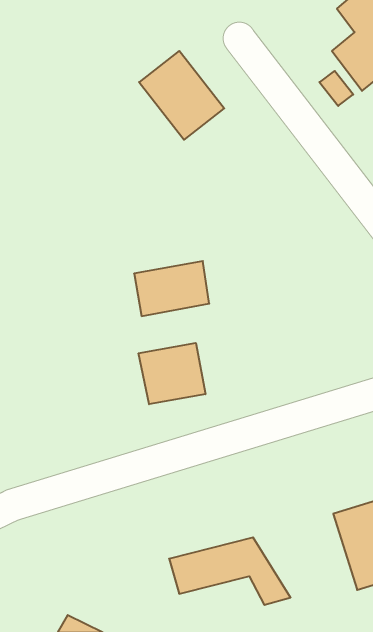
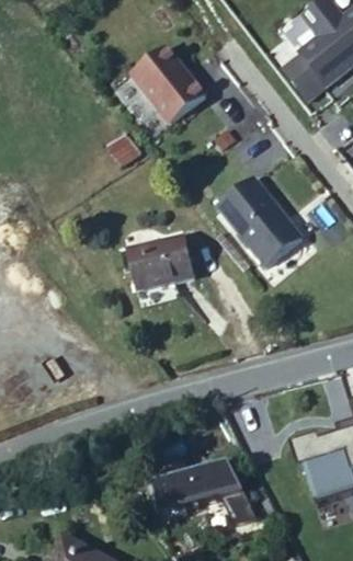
building: none -> [215,175,299,265]
building: [139,343,205,404] -> none

